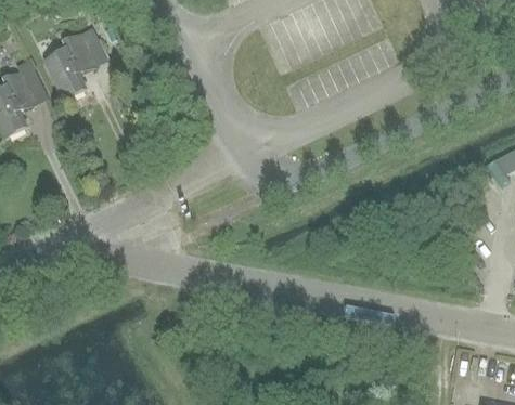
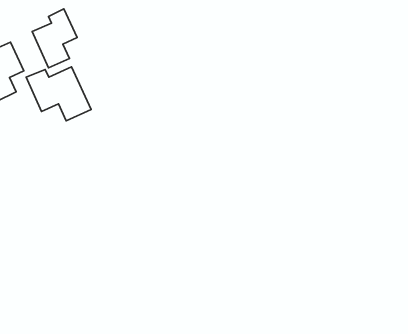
building: none -> [26,67,91,121]

